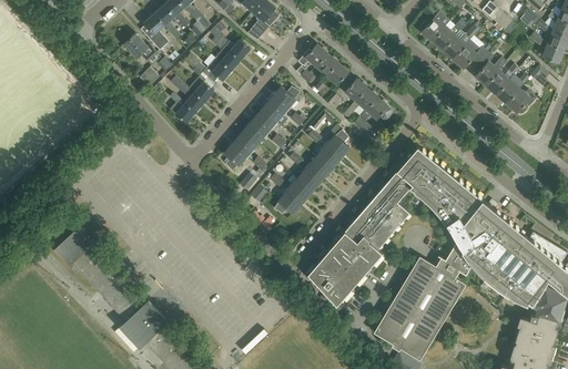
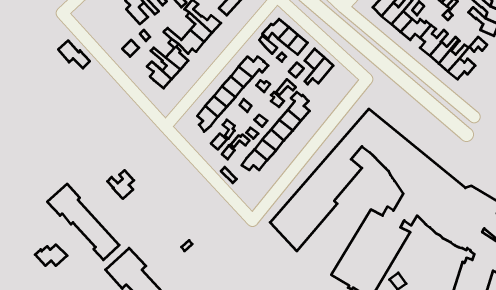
building: [124,33,160,64] -> [58,41,90,68]
building: [354,96,392,134] -> none
building: none -> [107,170,134,199]
building: none -> [35,245,67,266]

